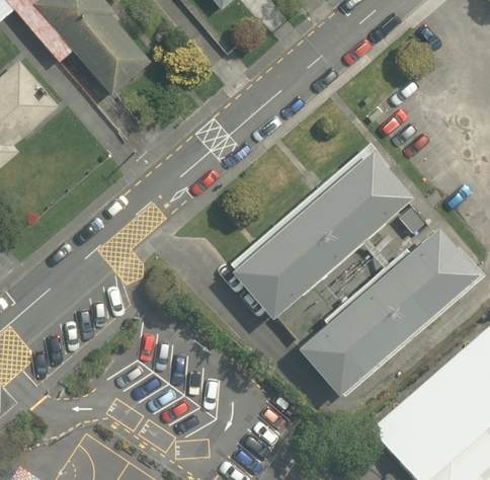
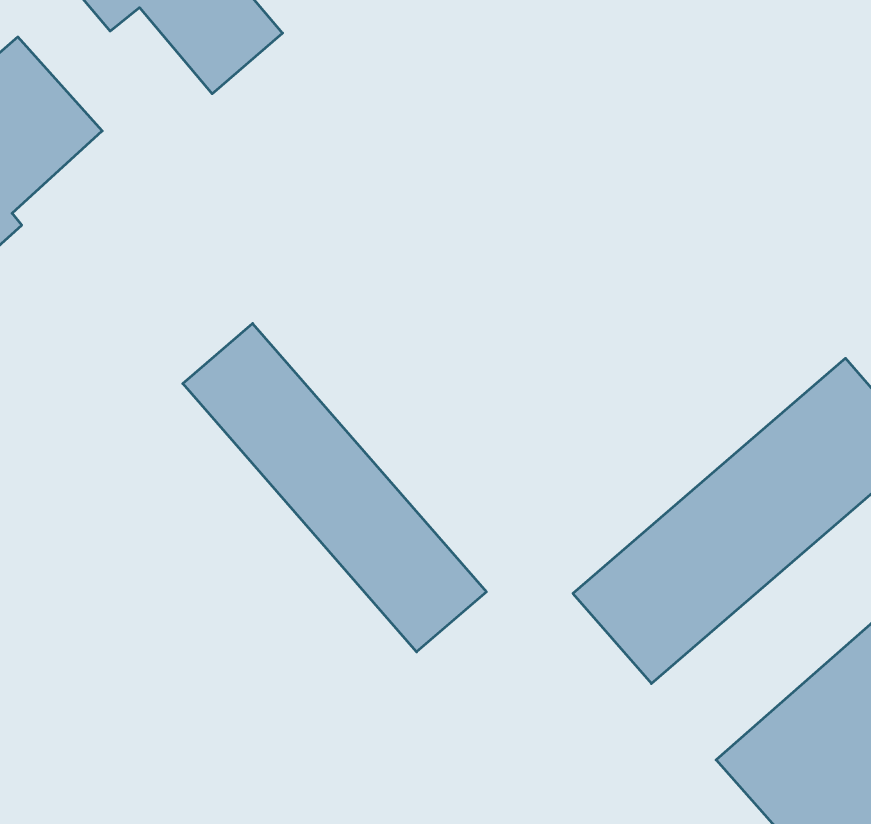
building: [232,149,413,318] -> none
building: none -> [183,323,486,652]

